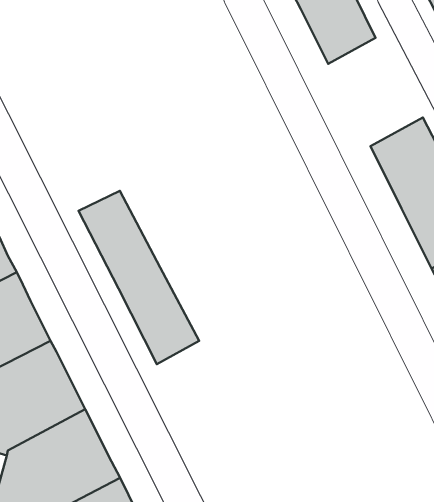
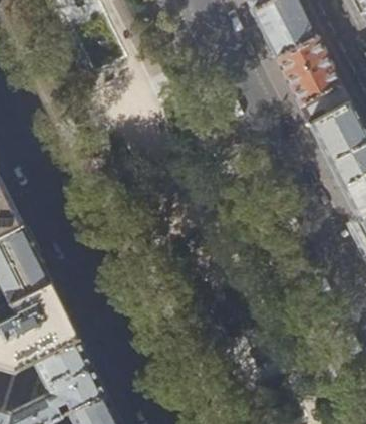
building: none -> [273,36,349,125]
building: [78,191,199,364] -> none

